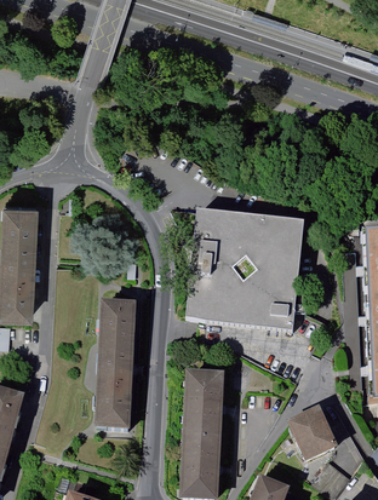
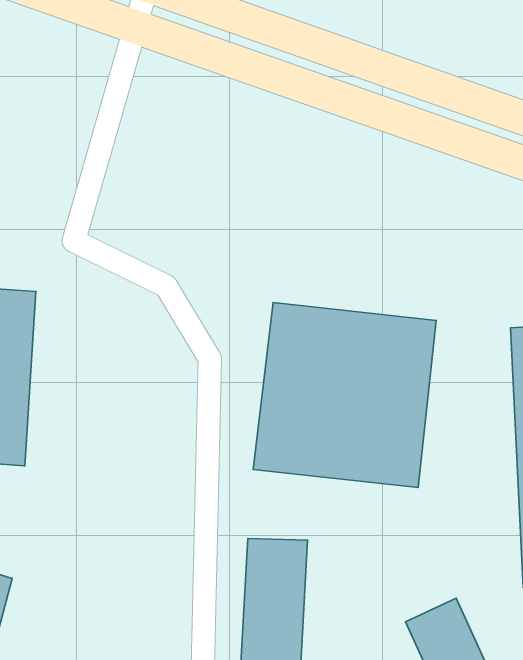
building: [94,298,137,431] -> none

